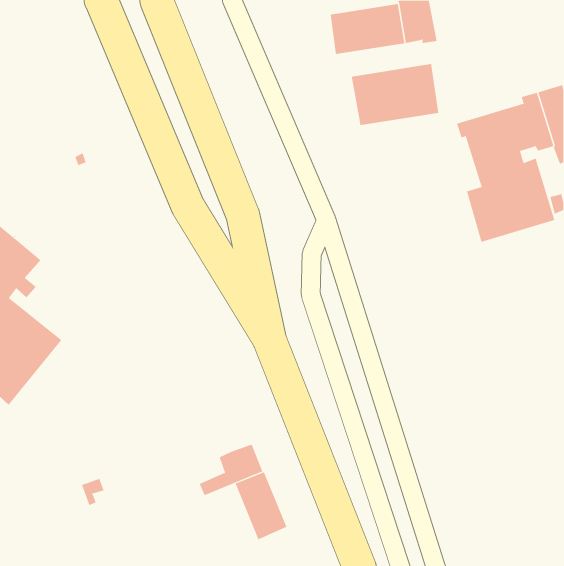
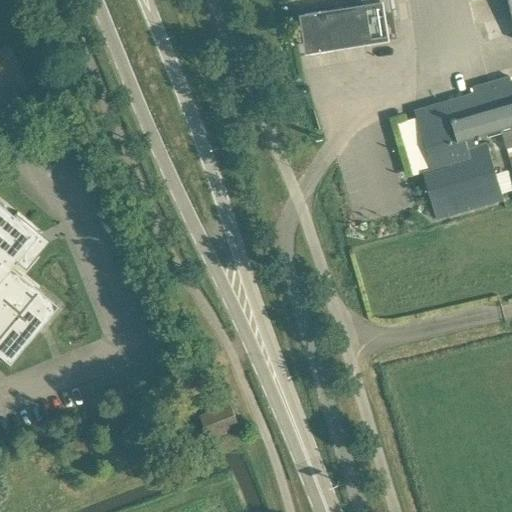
building: [351,63,439,126] -> none
building: [235,471,287,540] -> none

